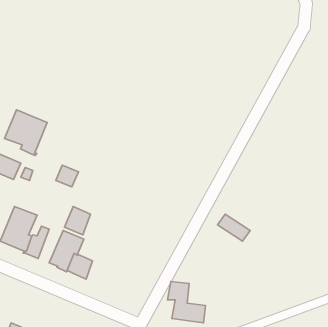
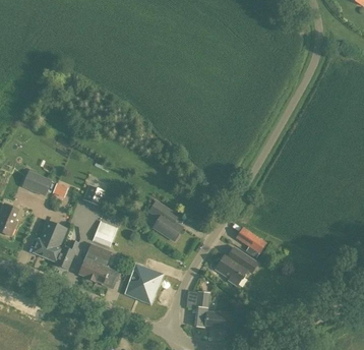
building: [4,110,47,156] -> none
building: none -> [148,199,181,239]
building: none -> [215,252,256,285]
building: none -> [124,261,164,303]

